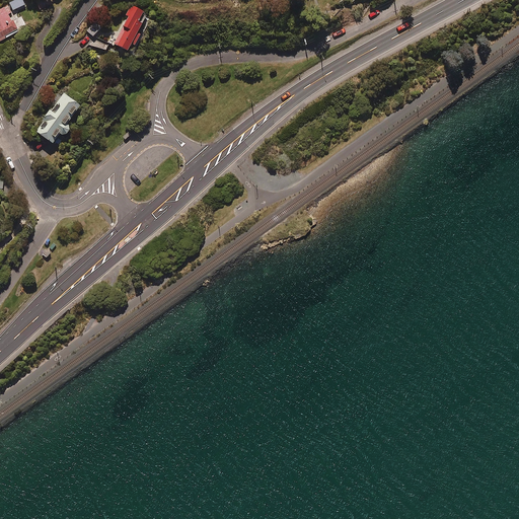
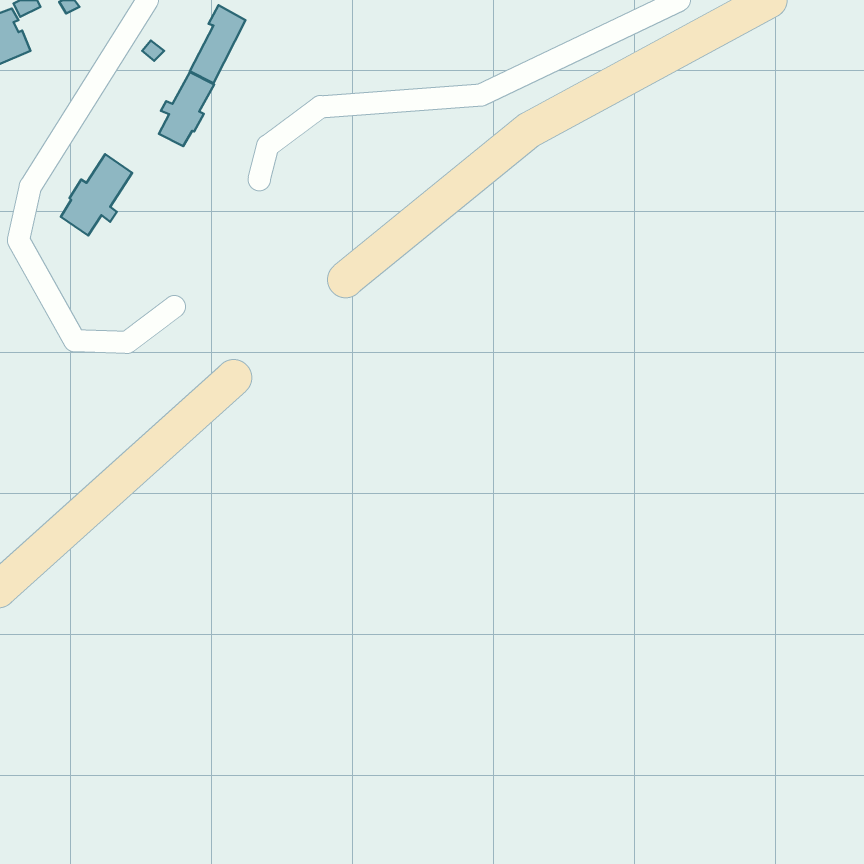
building: none -> [159,72,214,146]

